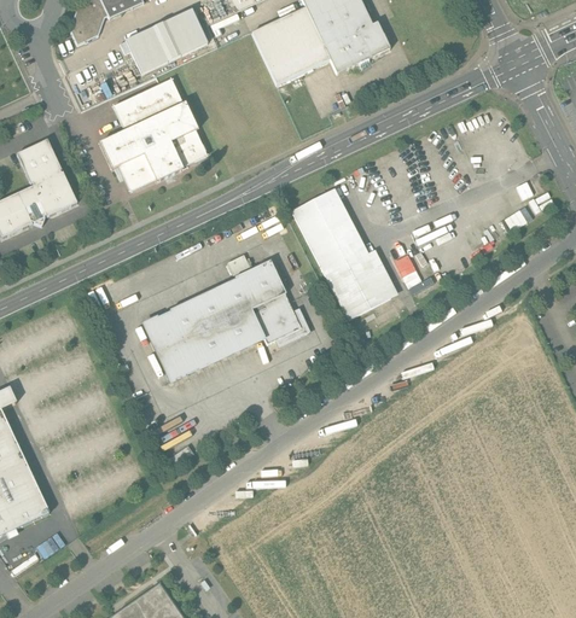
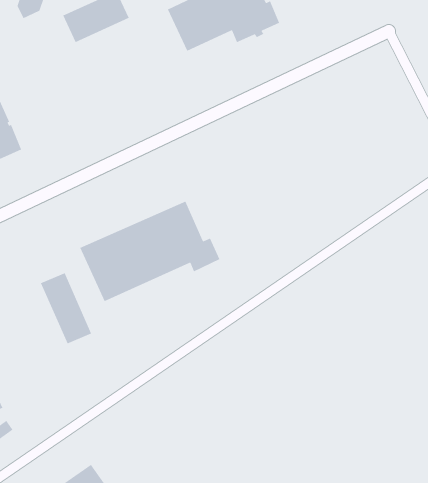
building: [98,77,205,190] -> none
building: [292,187,400,322] -> none
building: none -> [40,272,92,345]

